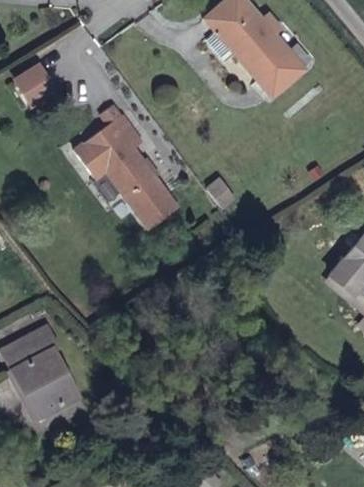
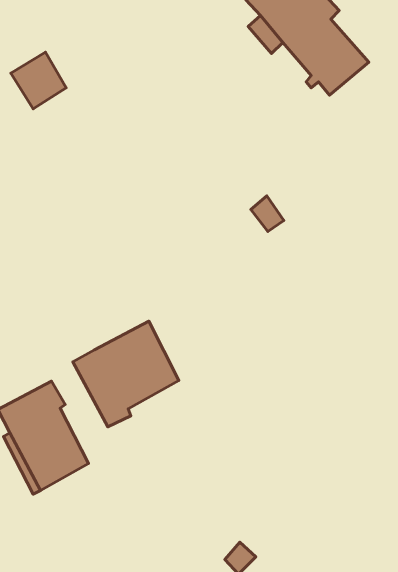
building: [75,114,176,226] -> none
building: none -> [73,321,179,427]

